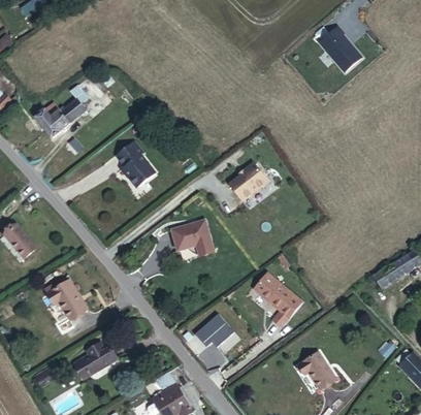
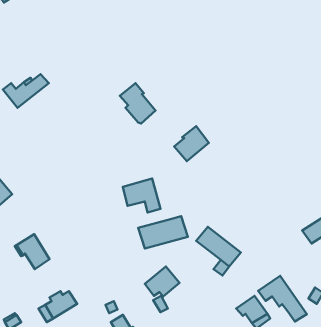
building: [317,27,359,71] -> none
building: [114,141,154,187] -> [120,83,156,123]
building: none -> [138,216,188,249]
building: none -> [258,276,307,321]

